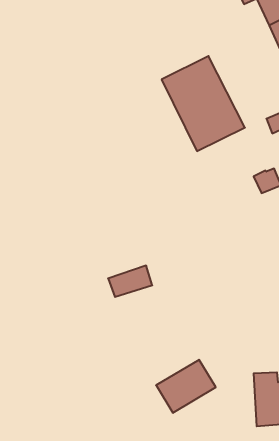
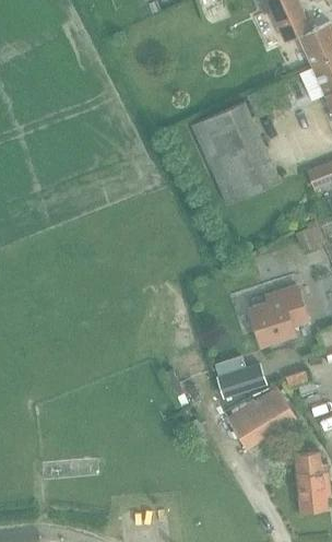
building: none -> [248,284,310,347]
building: [108,266,152,297] -> [215,363,264,398]
building: [156,360,216,413] -> [229,388,296,447]

